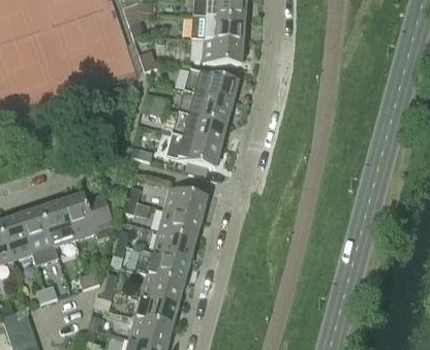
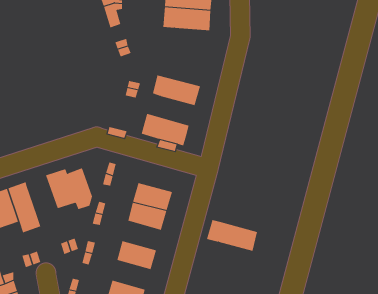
building: [202,38,243,64] -> none
building: [184,67,238,102] -> none
building: [173,110,226,146] -> none
building: [163,186,207,219] -> none
building: [40,200,74,245] -> none
building: [132,248,189,283] -> [206,220,258,251]
building: [134,294,178,326] -> none

